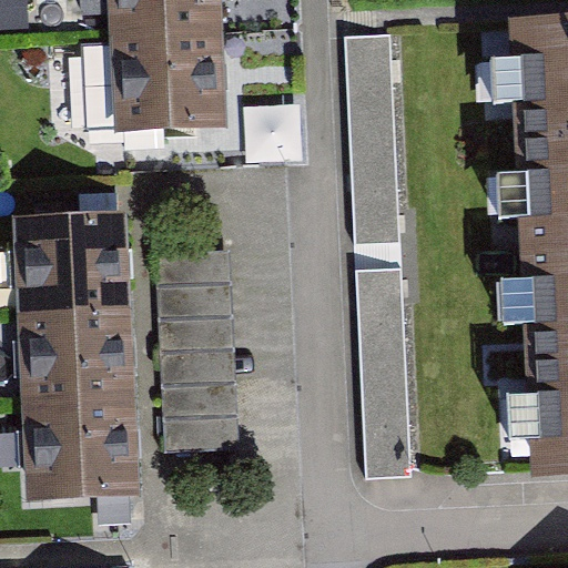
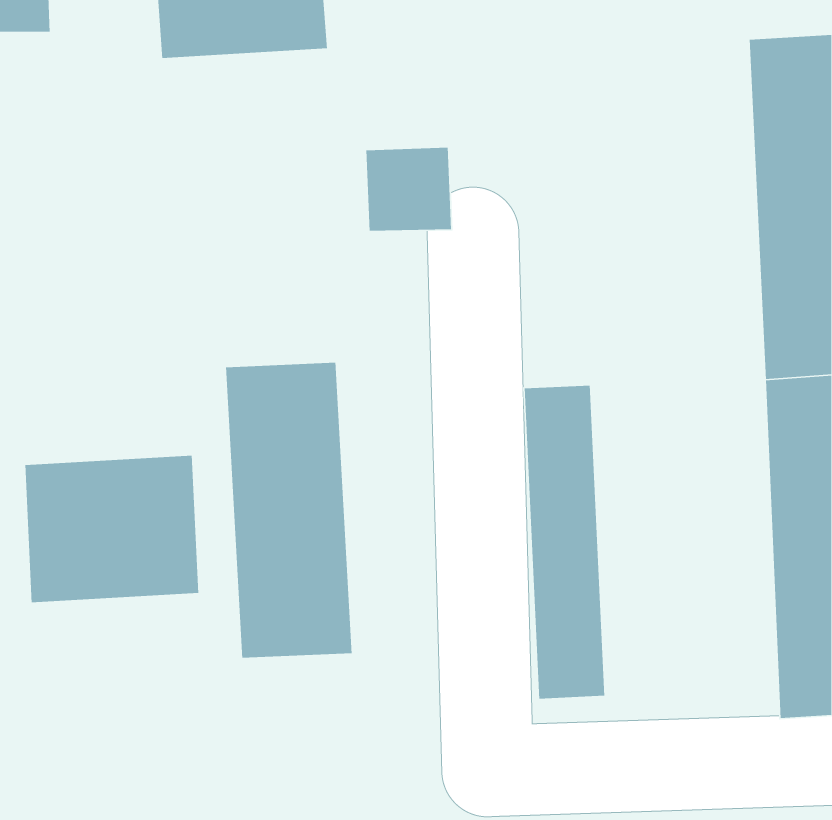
building: [344,29,400,241] -> none
building: [110,33,229,135] -> none
building: [11,215,131,316] -> none
building: [21,404,141,505] -> none

